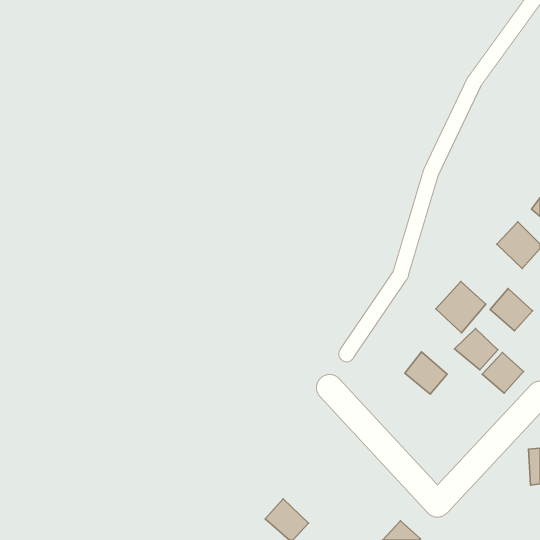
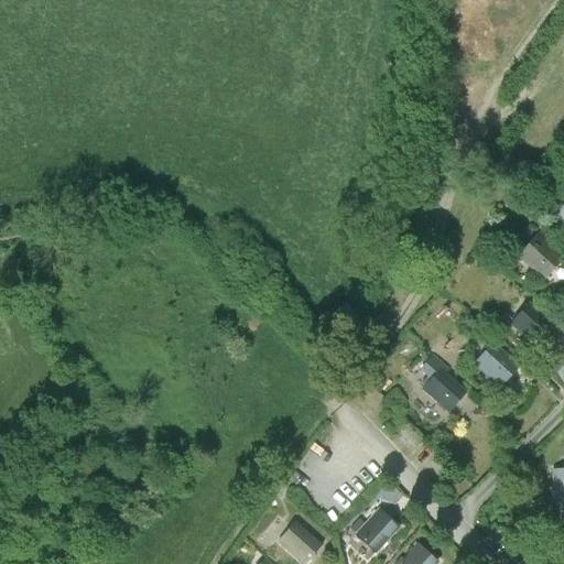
building: [436,282,486,333] -> none
building: [482,352,524,393] -> none
building: none -> [355,507,400,553]

